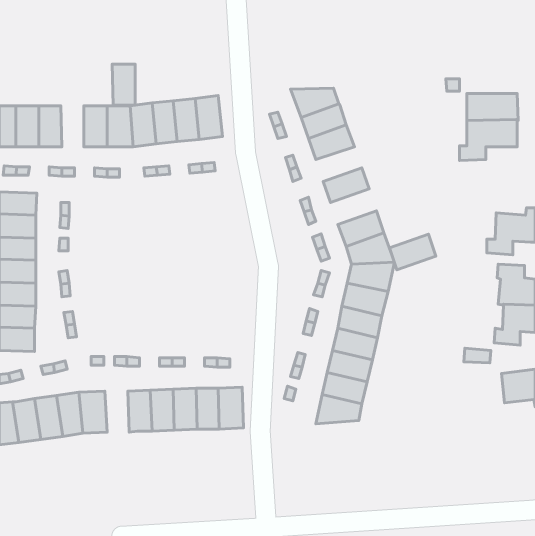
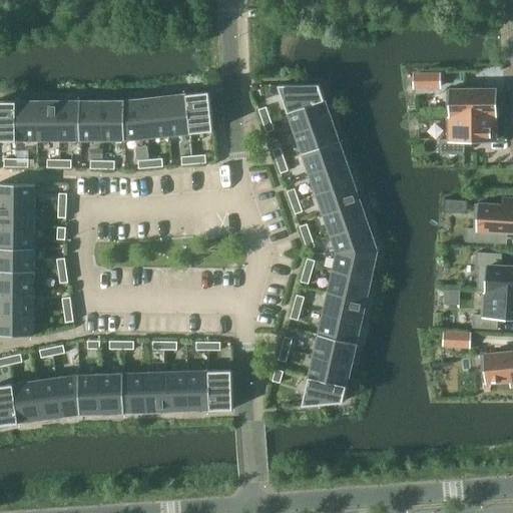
building: [112,64,135,105] -> [58,101,80,140]
building: none -> [302,140,346,173]
building: [390,234,436,270] -> [316,180,360,214]
building: none -> [100,374,123,413]

